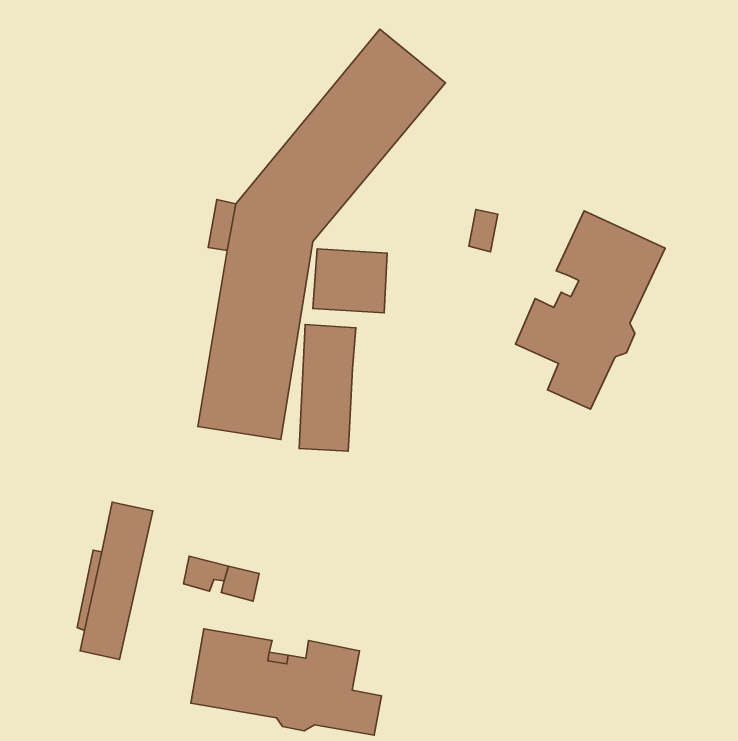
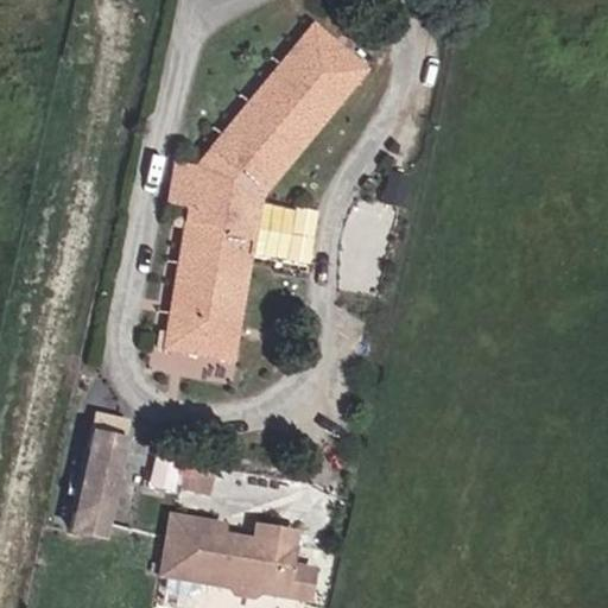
building: [516,211,665,409] -> none
building: [299,325,356,451] -> none

